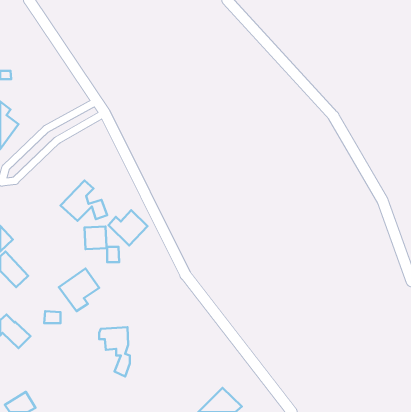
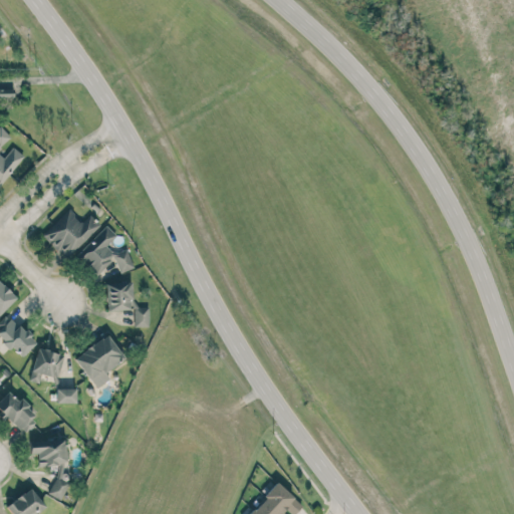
building: none -> [43,209,101,259]
building: [109,210,148,245] -> none
building: none -> [28,347,64,383]
building: [99,327,130,376] -> [30,439,68,500]

